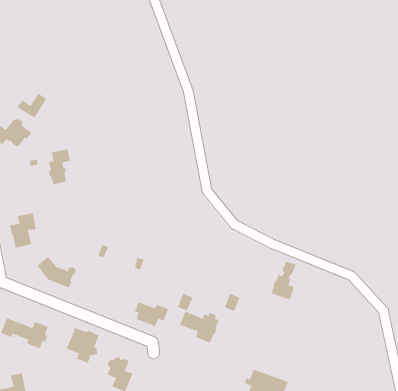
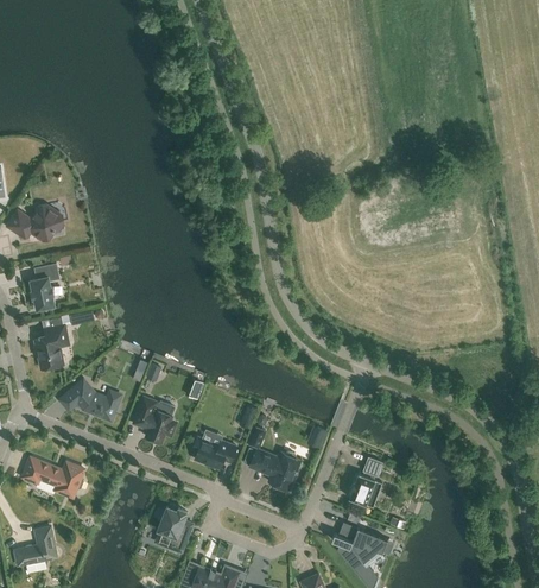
building: [17,93,47,119] -> none
building: [48,149,71,185] -> [30,264,58,310]
building: [270,261,297,300] -> [348,457,381,507]
building: [66,327,100,364] -> [132,397,175,443]

